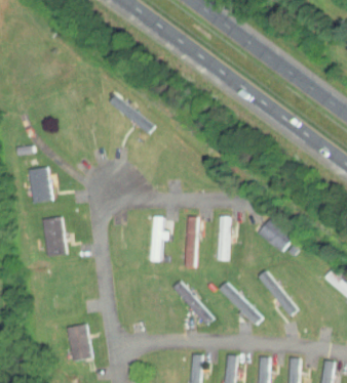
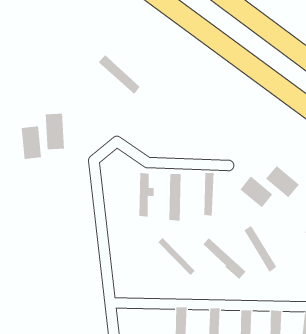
building: none -> [265,165,300,198]
building: [45,217,66,255] -> [45,113,65,150]
building: [70,325,90,360] -> none

